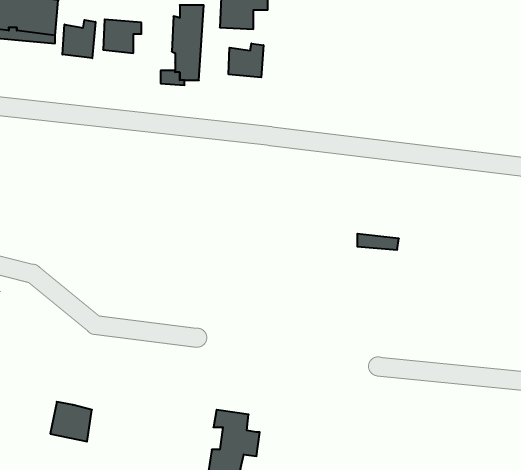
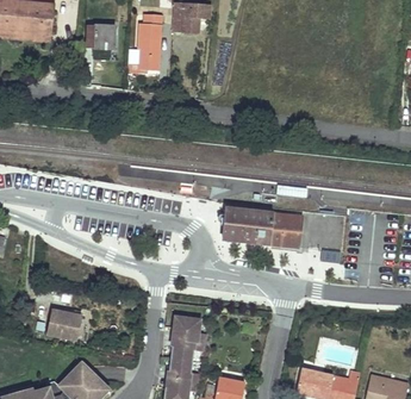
building: [62,20,95,58] -> none
building: [229,43,263,77] -> none
building: none -> [222,207,300,247]

